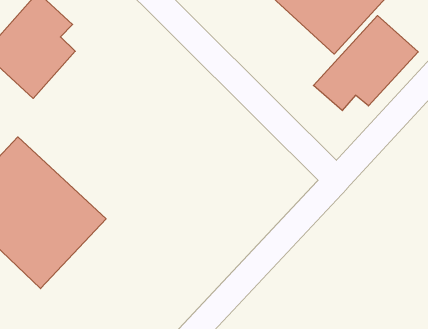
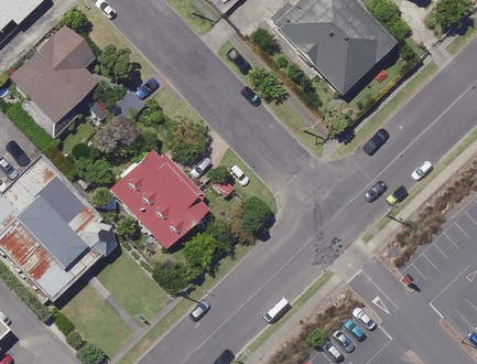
building: [313,16,418,111] -> none
building: none -> [112,144,213,246]

